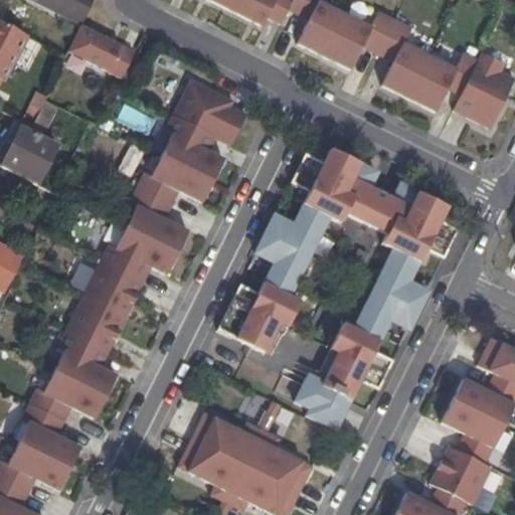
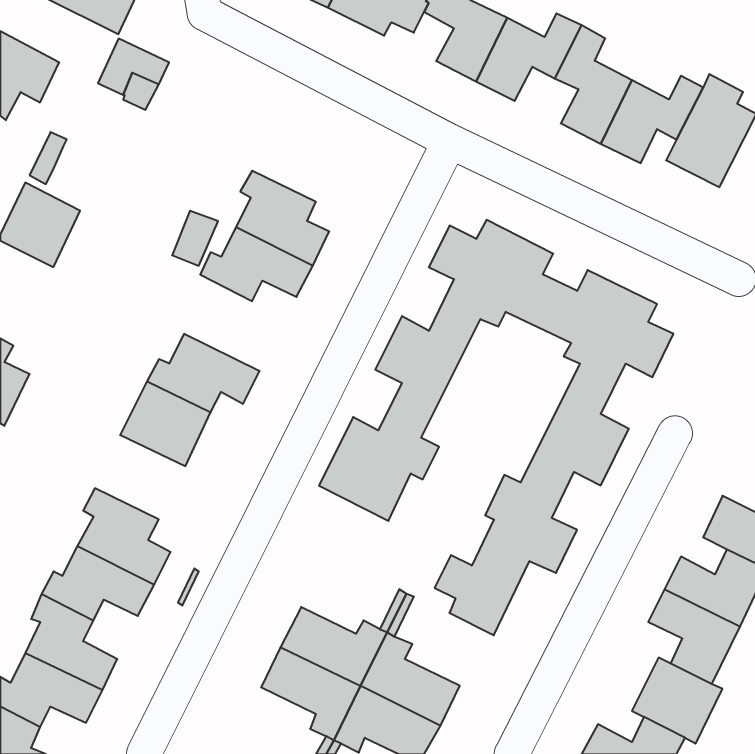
building: [173,78,246,145] -> none
building: [127,186,189,251] -> none
building: [66,295,128,352] -> none

